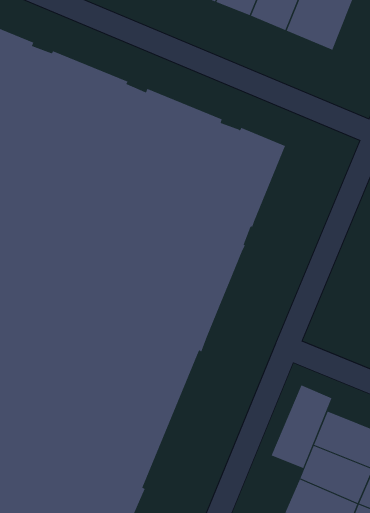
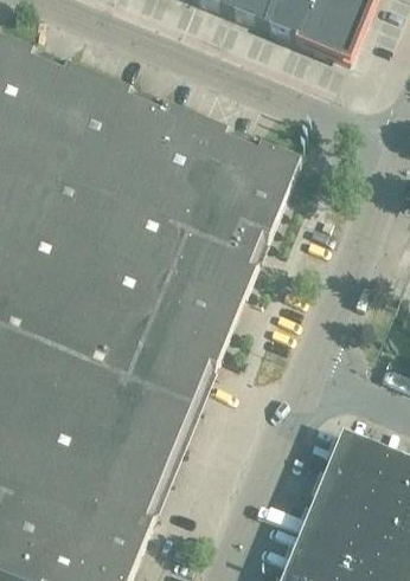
building: [271,384,332,469] -> none

